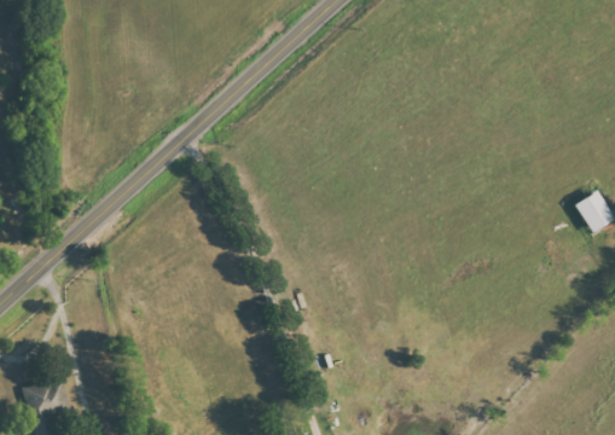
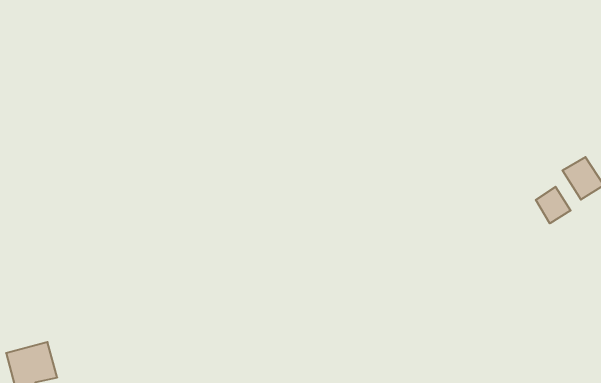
building: none -> [536,187,571,223]

